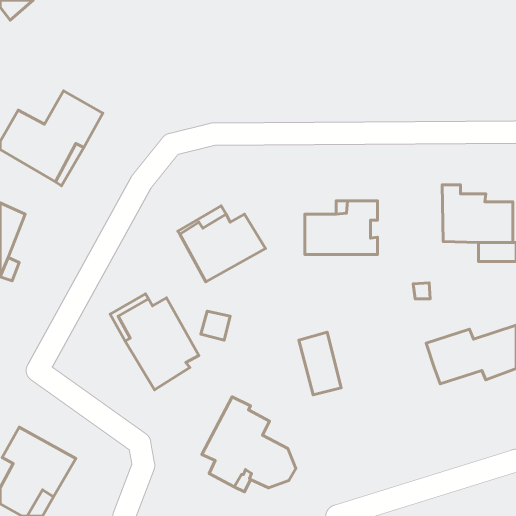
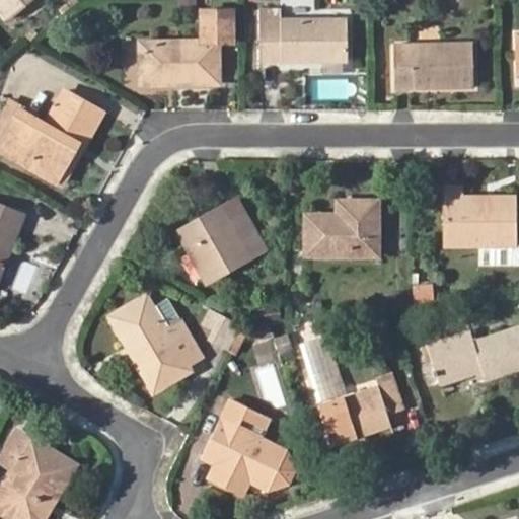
building: none -> [260,10,348,61]
building: none -> [139,11,231,86]
building: none -> [393,45,471,90]
building: none -> [320,372,402,445]

